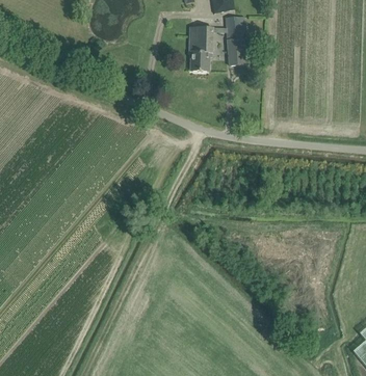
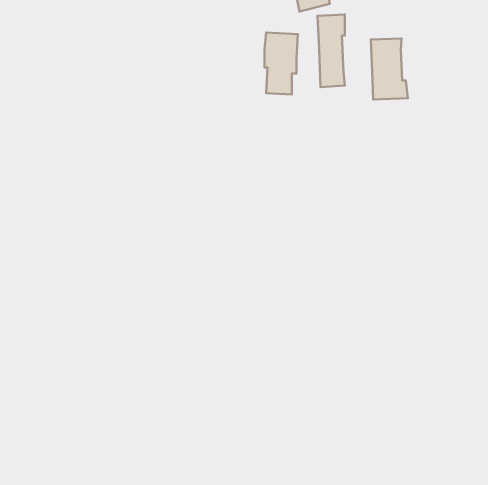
building: none -> [371,38,408,99]

